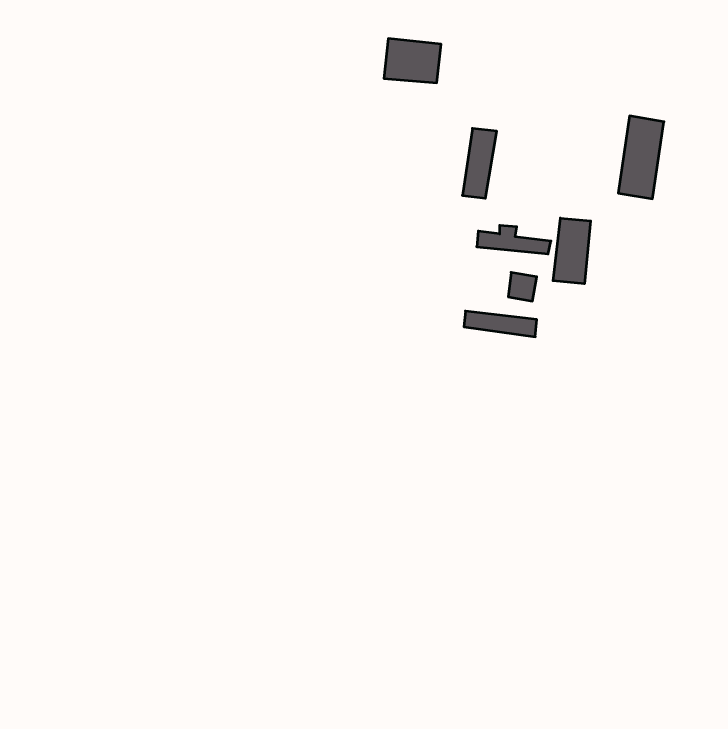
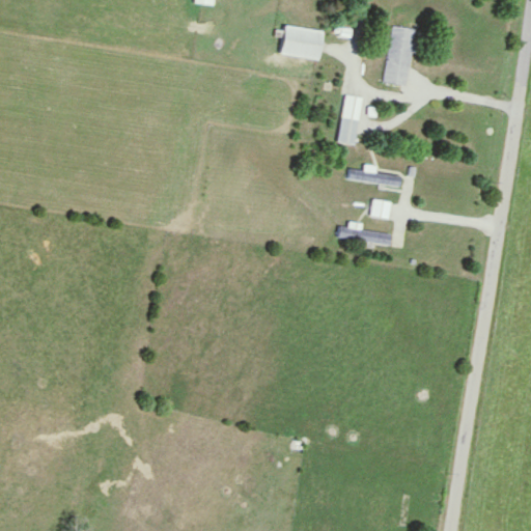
building: [618,116,664,199] -> [383,27,416,87]
building: [553,218,591,284] -> none

